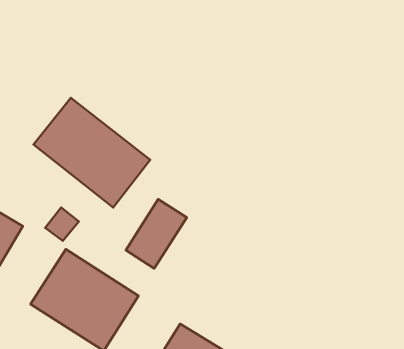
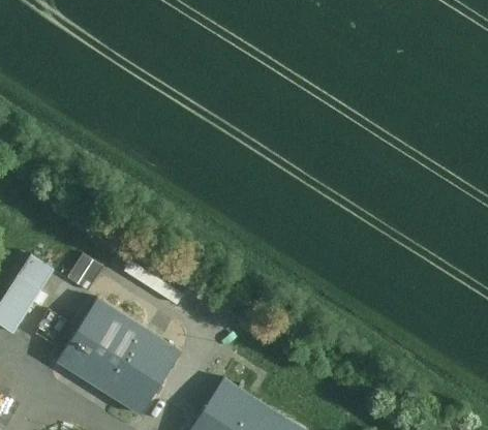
building: [34,98,150,207] -> none
building: [126,199,187,269] -> none

